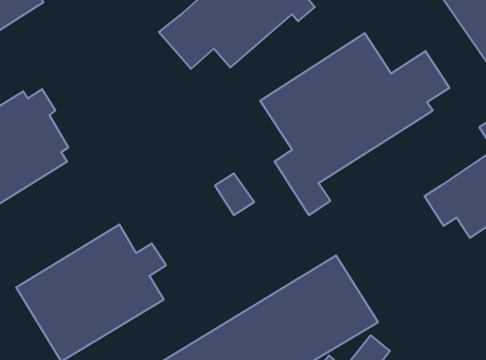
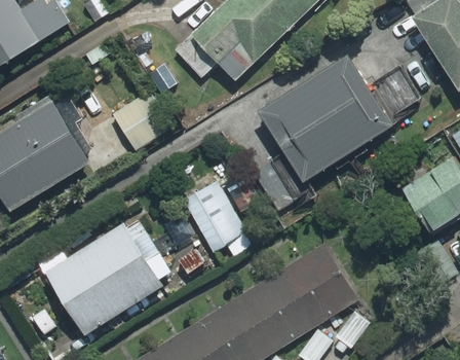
building: none -> [110,93,167,150]
building: none -> [181,183,248,255]

